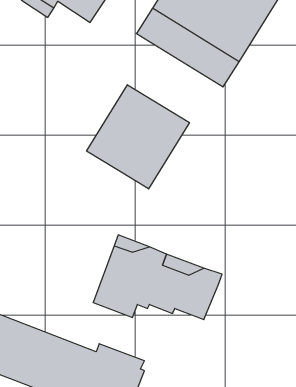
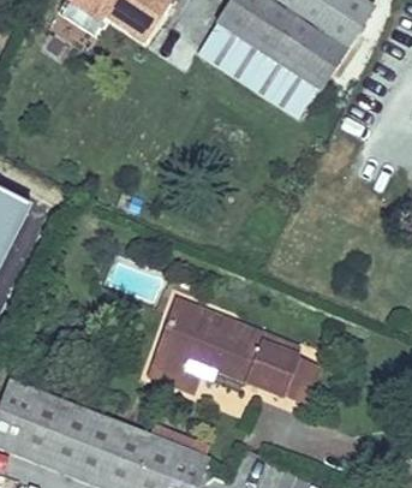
building: [87,85,189,189] -> none
building: none -> [279,355,329,409]

